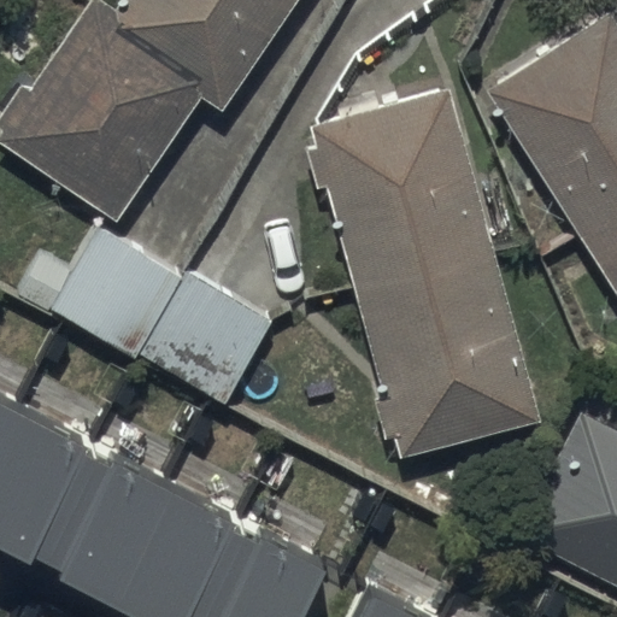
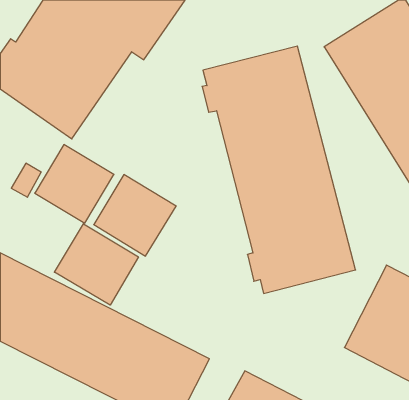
building: none -> [54,224,138,305]

